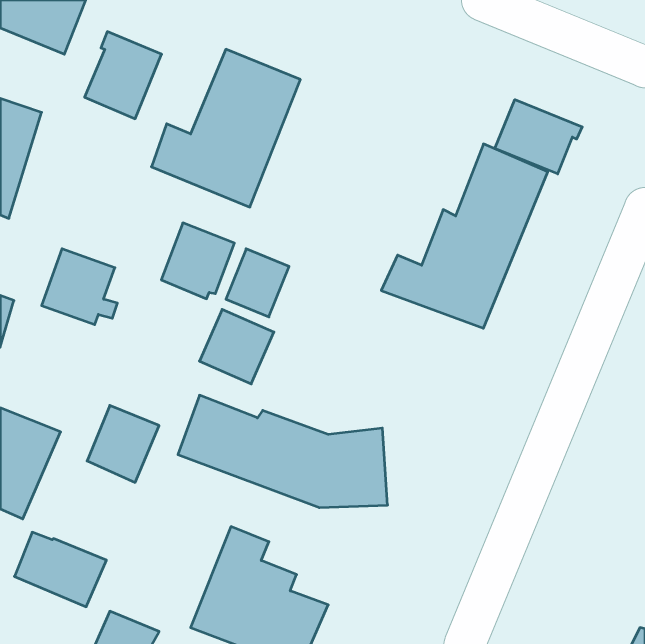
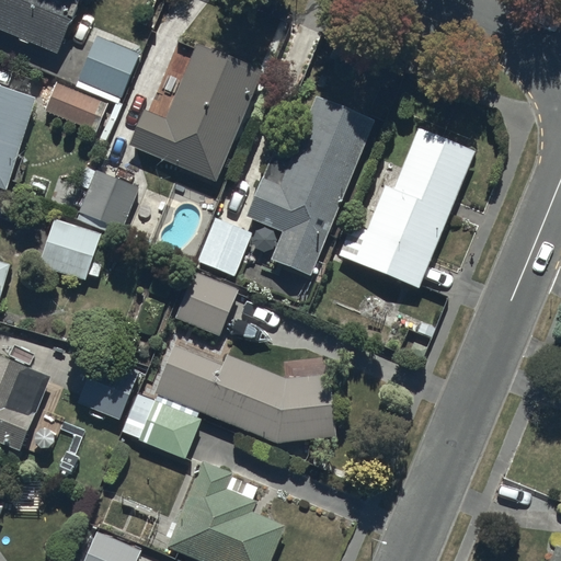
building: none -> [43,81,107,133]
building: [495,100,582,174] -> none
building: none -> [243,95,376,275]
building: [161,223,234,299] -> [73,168,137,233]
building: [14,532,106,607] -> [121,392,201,457]

